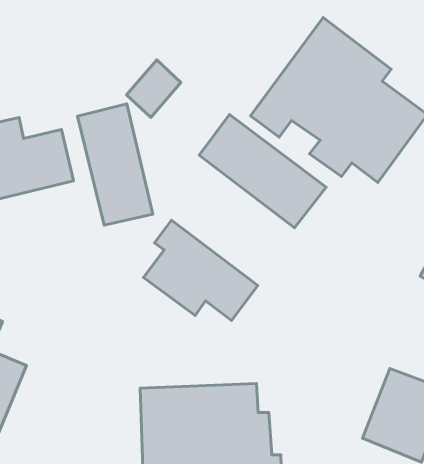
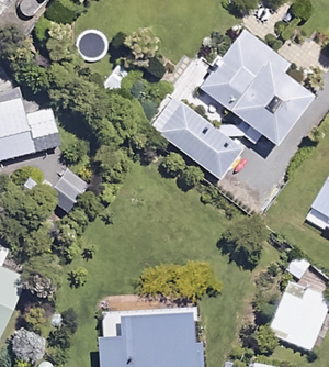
building: [78,104,153,225] -> none
building: [144,220,258,321] -> none

